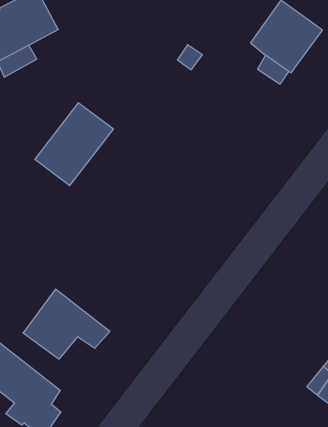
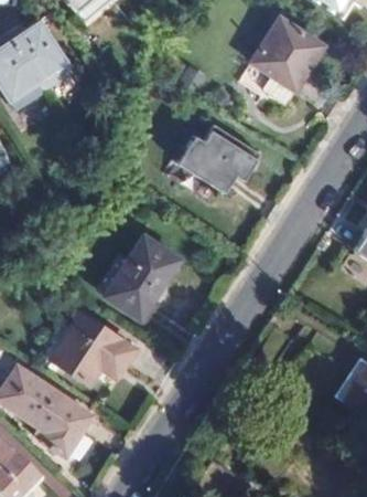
building: [35,103,113,185] -> [105,236,180,318]
building: none -> [188,124,252,191]

